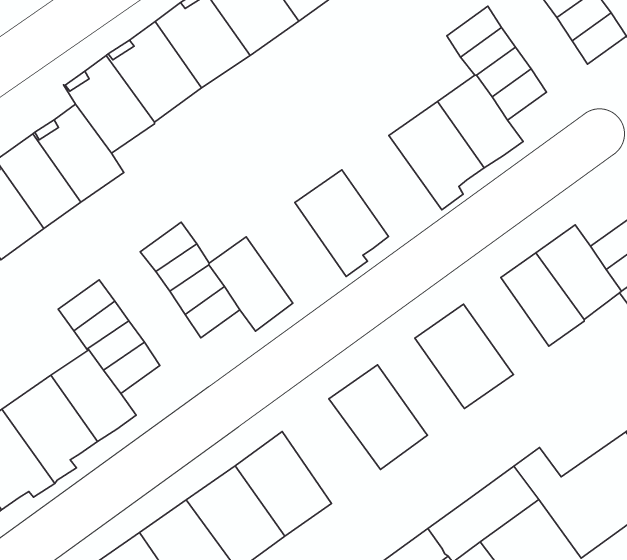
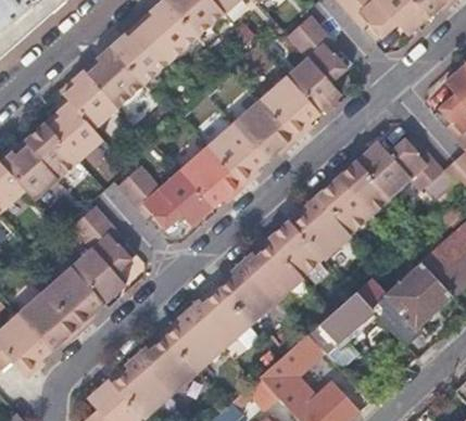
building: none -> [234,100,297,161]
building: none -> [180,146,243,207]
building: none -> [316,178,370,234]
building: none -> [268,220,323,277]
building: none -> [215,263,277,326]

